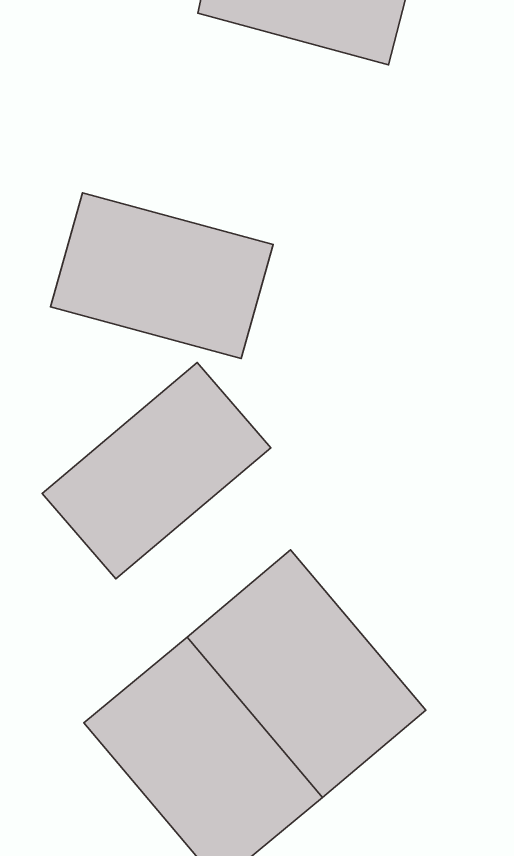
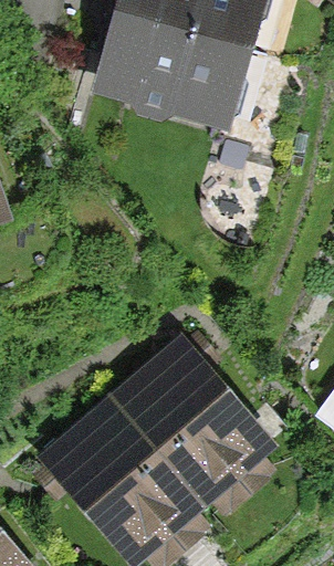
building: [51,193,273,358] -> [104,15,242,118]
building: [42,363,271,579] -> none

